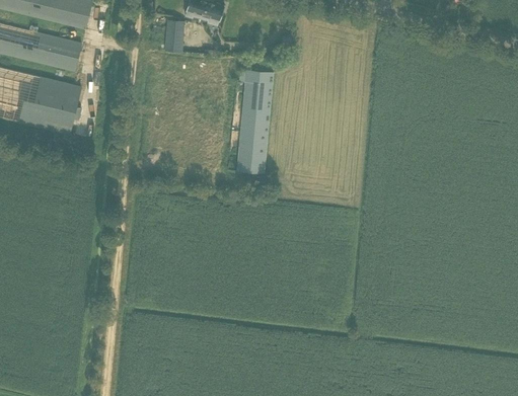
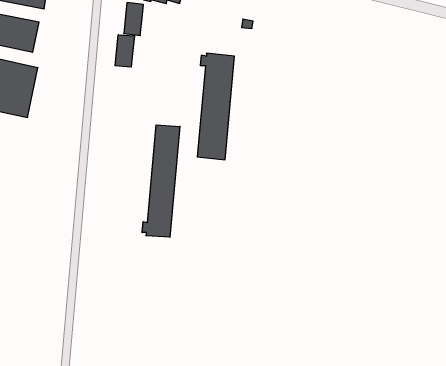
building: none -> [115,35,134,67]
building: none -> [142,125,180,237]

